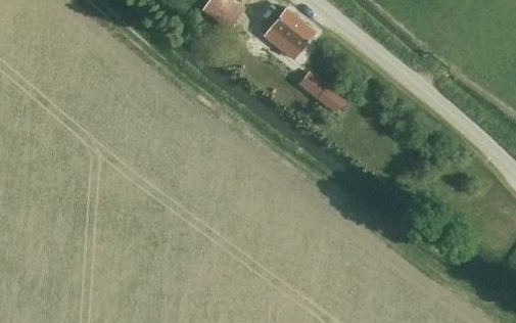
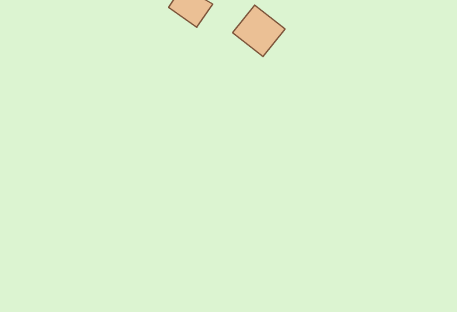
building: [297,67,347,114] -> none

